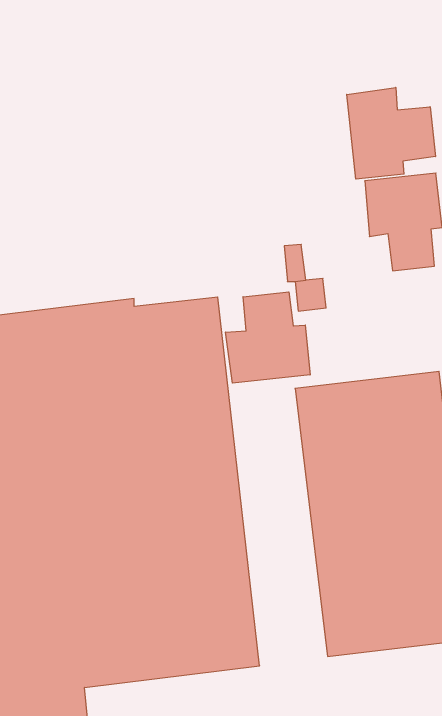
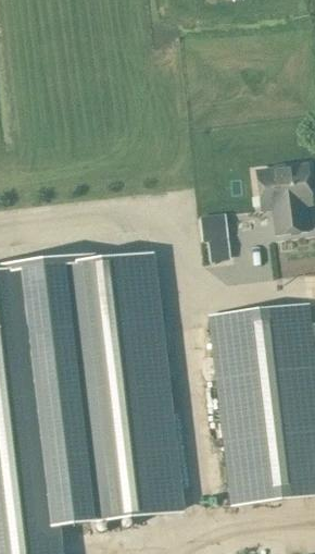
building: [347,87,435,179] -> none
building: [226,292,310,383] -> none

